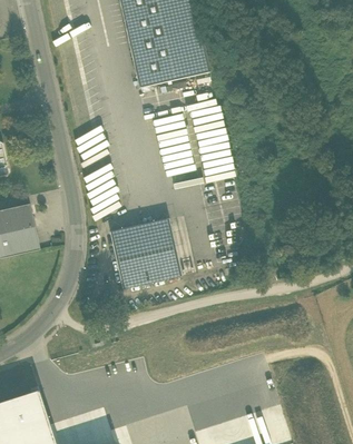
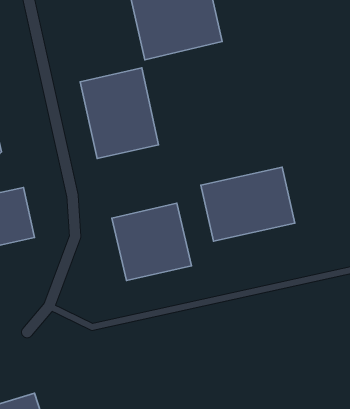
building: none -> [80,68,159,159]
building: none -> [201,167,295,241]

